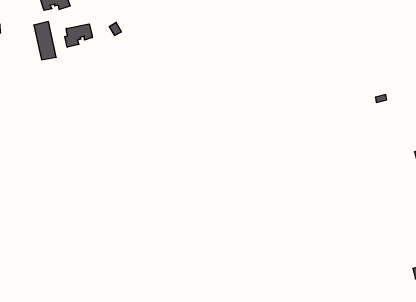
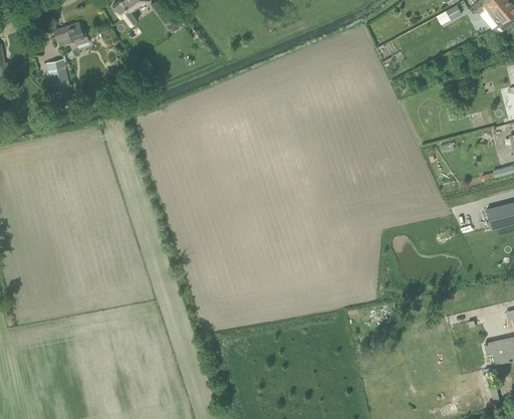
building: [65,24,92,47] -> none

